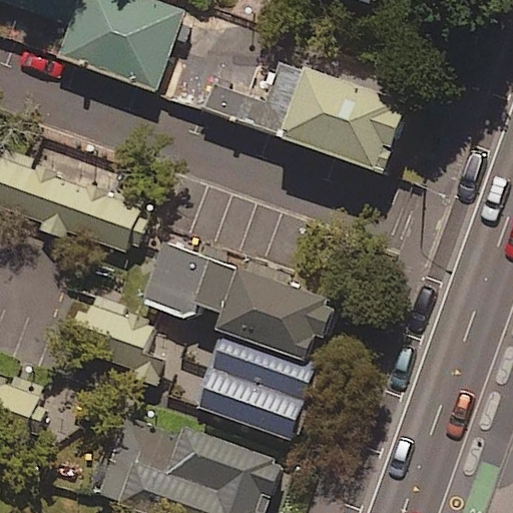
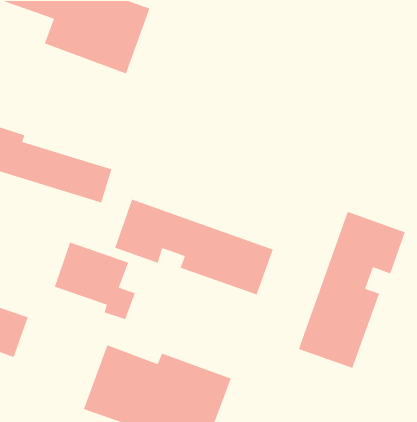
building: [161,19,407,172] -> none
building: none -> [298,211,406,369]
building: [196,336,314,438] -> none

